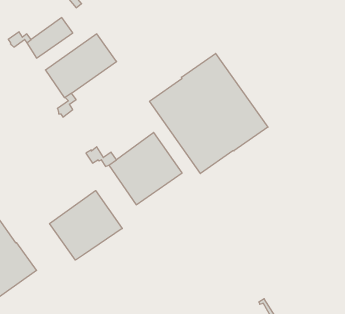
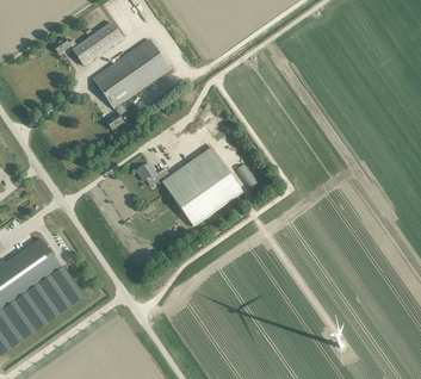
building: [150,53,268,174] -> none
building: [50,191,122,260] -> none

